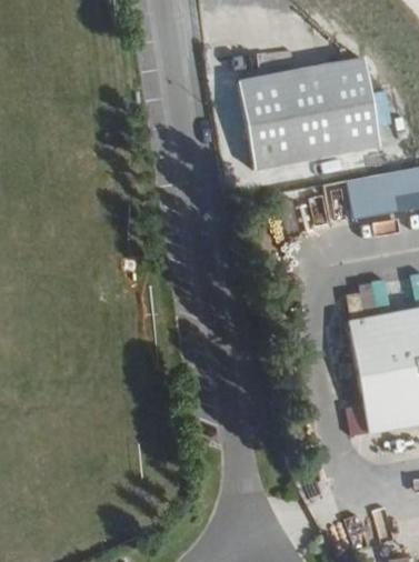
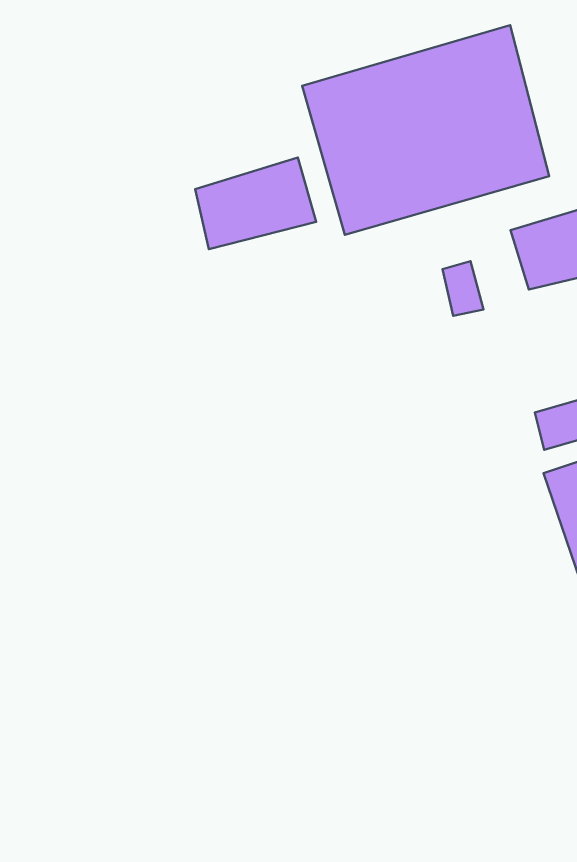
building: none -> [195,157,316,249]

